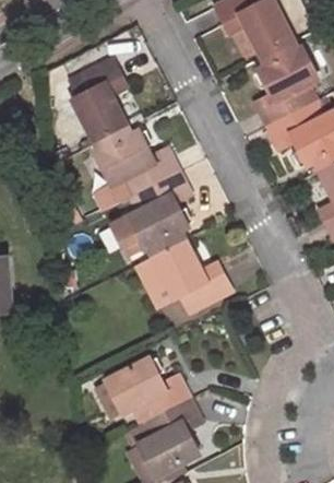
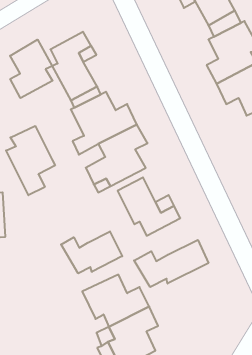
building: none -> [10,40,53,98]
building: none -> [6,126,55,195]
building: none -> [61,231,122,273]
building: none -> [134,240,208,287]

